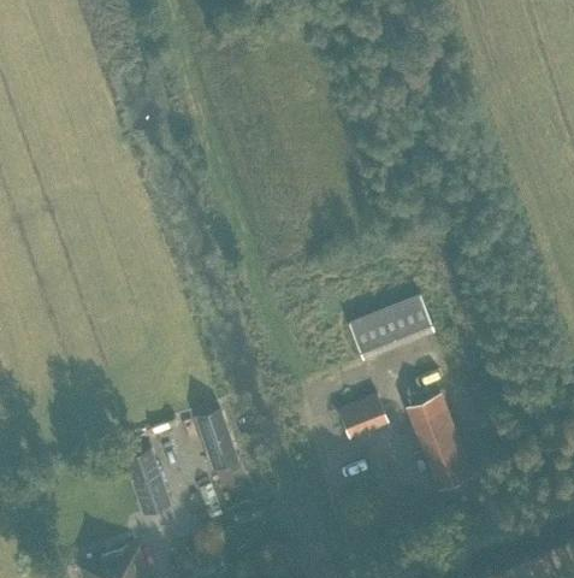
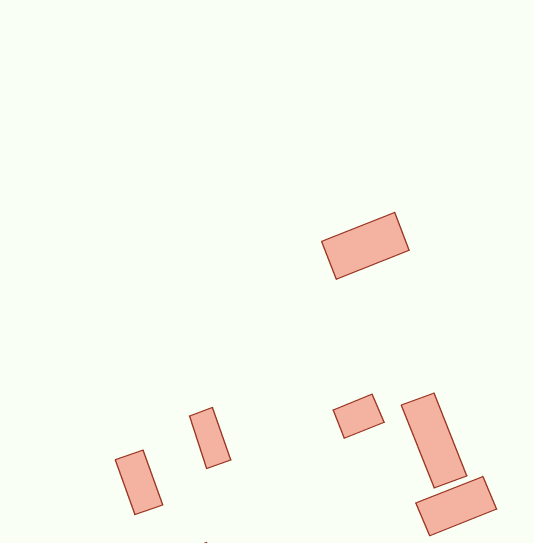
building: [351,290,438,356] -> [322,212,409,279]
building: none -> [416,476,497,536]

